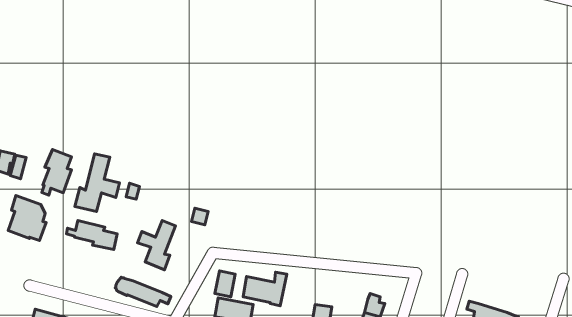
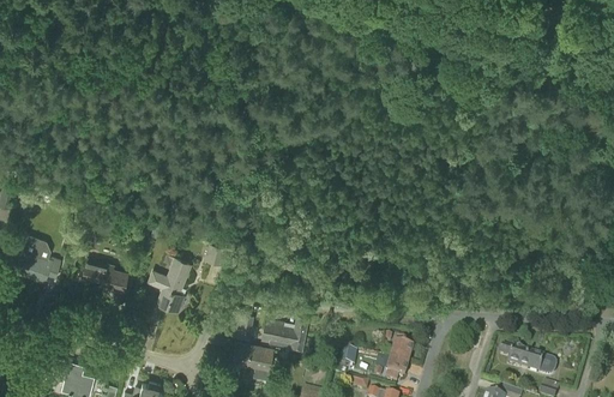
building: [42,149,72,195] -> none
building: [75,154,120,212] -> none
building: [115,277,171,306] -> none

